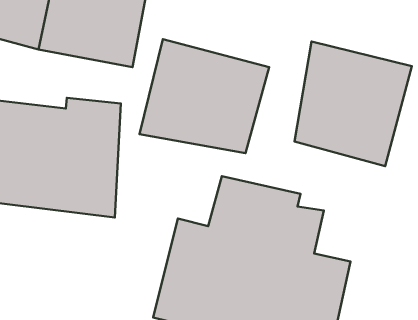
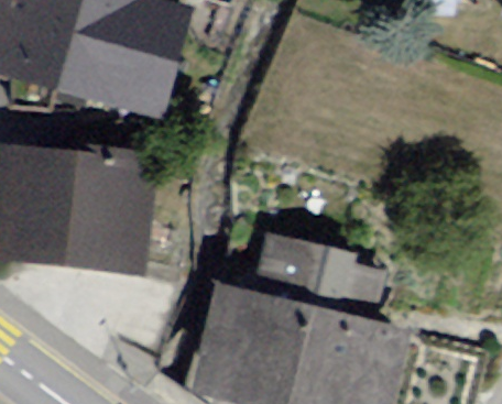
building: [140,39,269,153] -> none
building: [294,41,412,166] -> none

